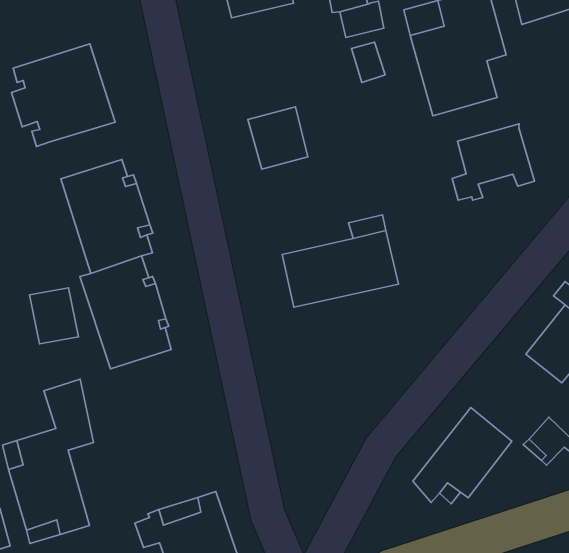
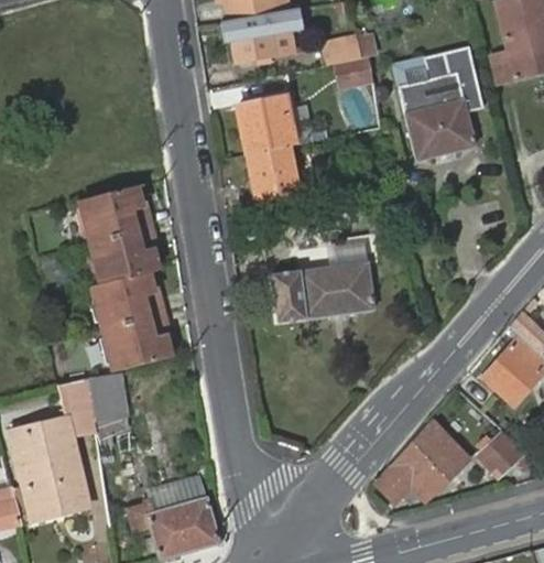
building: [12,44,115,146] -> none
building: none -> [238,94,296,153]
building: [452,124,535,200] -> none
building: [29,288,78,344] -> [87,372,129,421]

